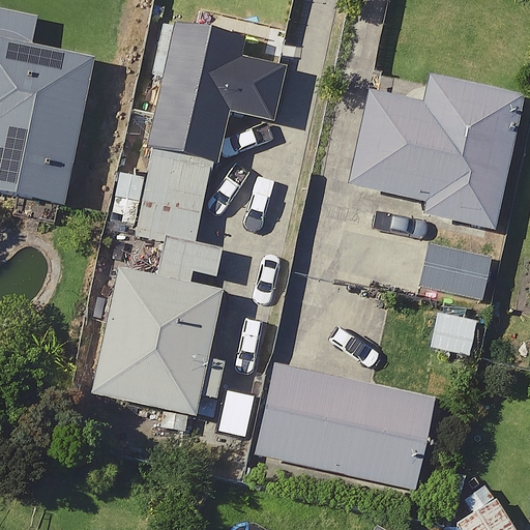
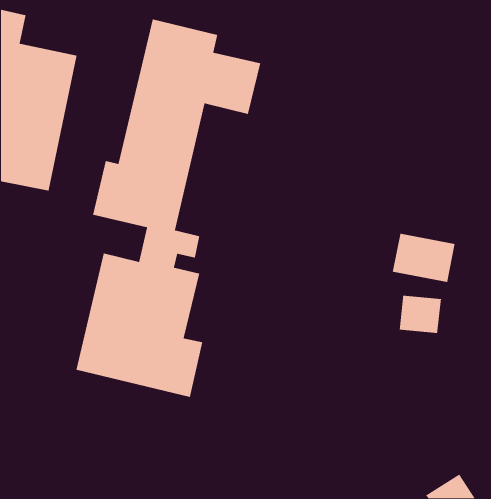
building: [350,77,522,227] -> none
building: [258,363,434,488] -> none

